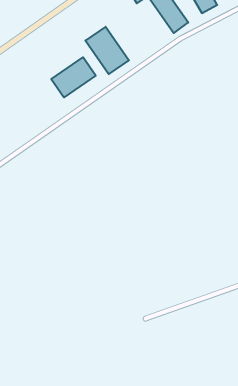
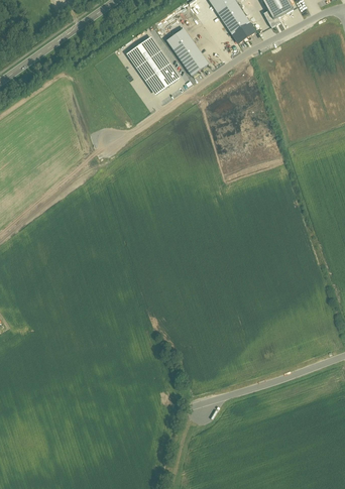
building: none -> [167,28,209,75]
building: [51,57,96,97] -> none

